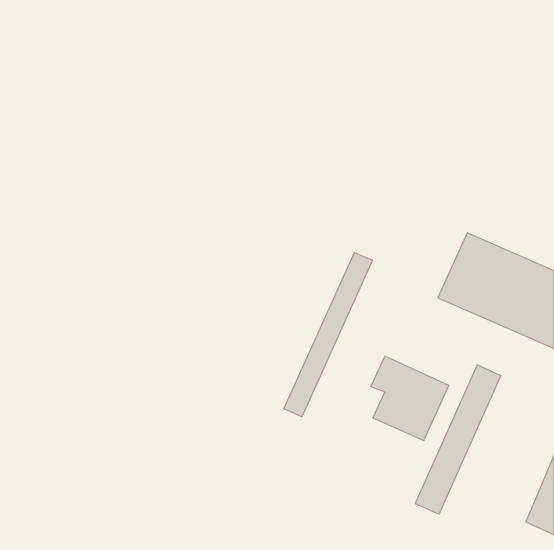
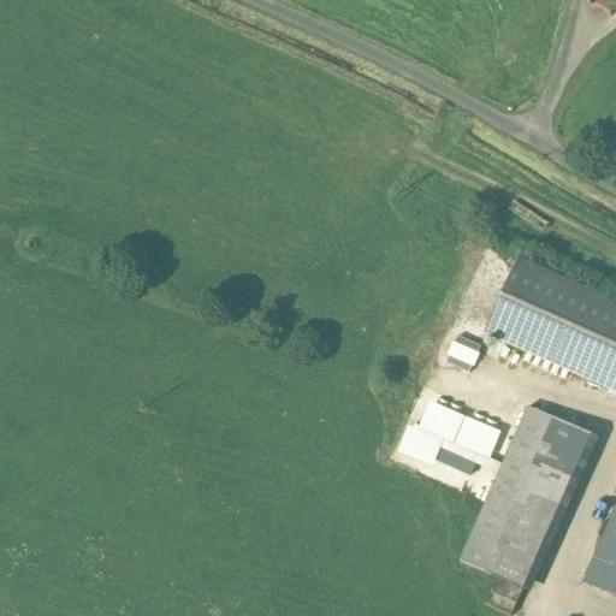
building: [284,252,373,417] -> none
building: none -> [487,417,591,587]

